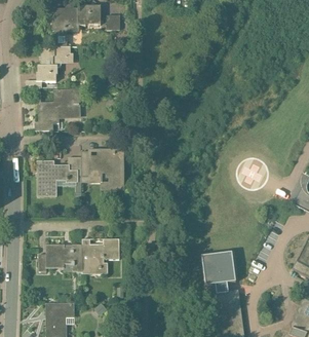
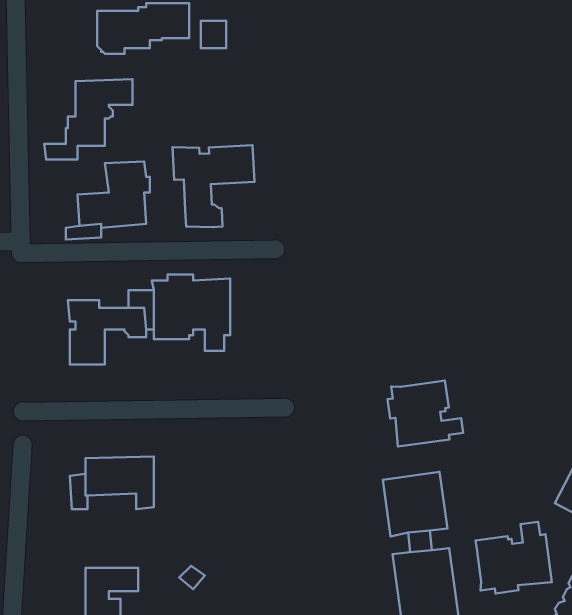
building: none -> [172,145,254,227]
building: none -> [388,381,463,447]
building: [82,237,120,273] -> none
building: none -> [476,522,552,593]

